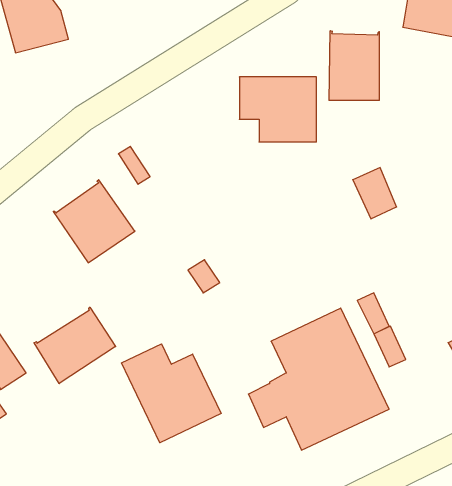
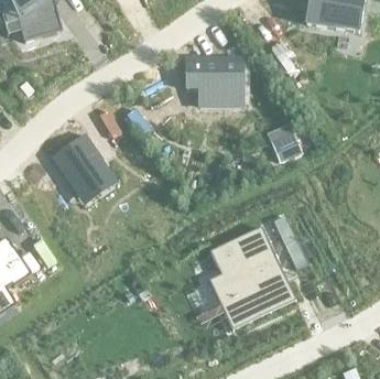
building: [329,31,379,100] -> none
building: [34,307,116,384] -> none
building: [122,344,221,443] -> none

